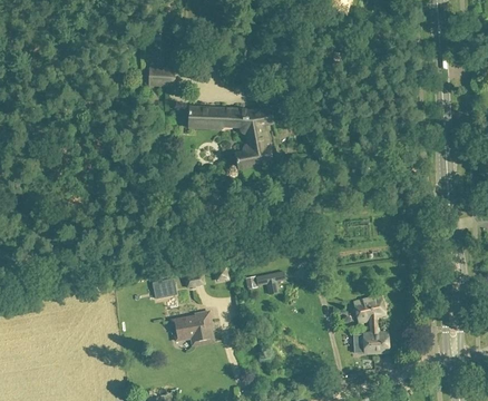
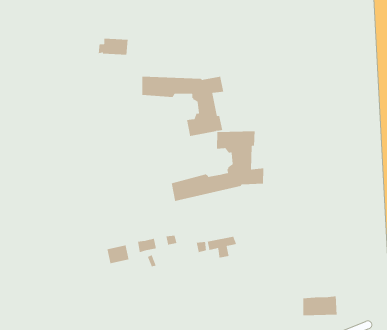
building: none -> [171,130,264,202]
building: [353,294,388,333] -> none
building: [170,311,214,345] -> none

